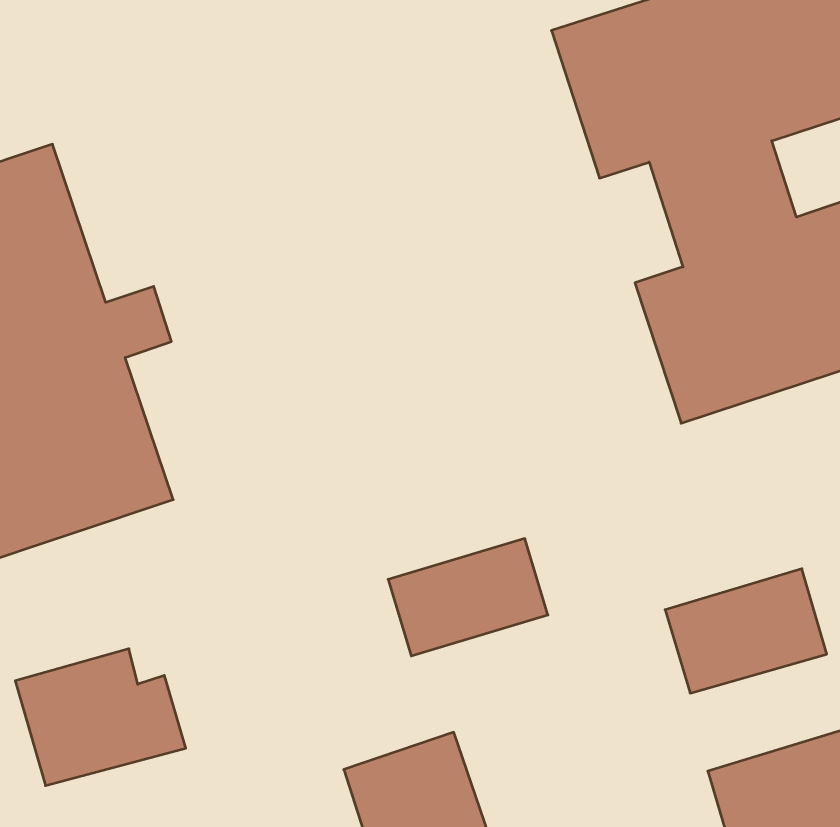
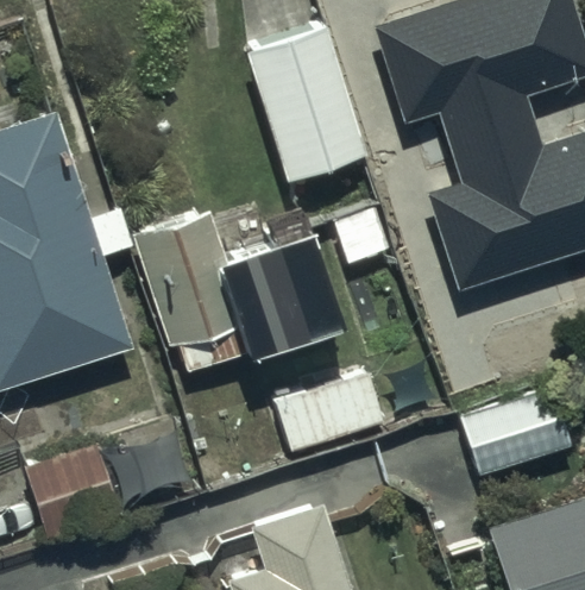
building: none -> [241,24,363,177]
building: none -> [143,213,339,372]

